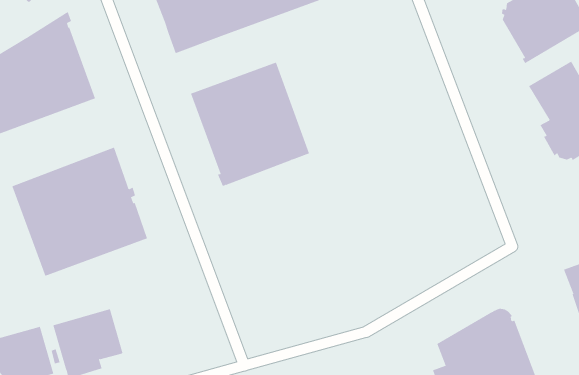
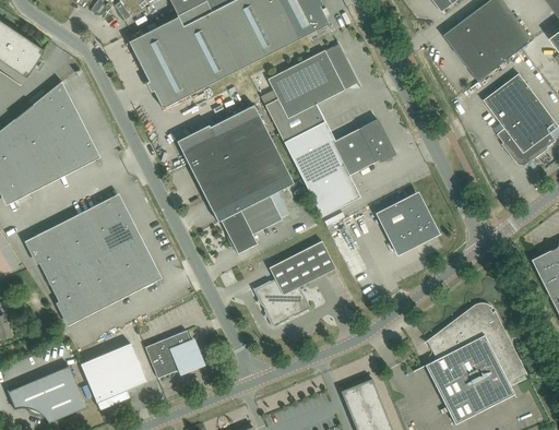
building: none -> [265,44,395,216]
building: none -> [222,191,289,253]
building: none -> [376,193,436,253]
building: none -> [253,240,336,324]
building: none -> [145,331,202,378]

